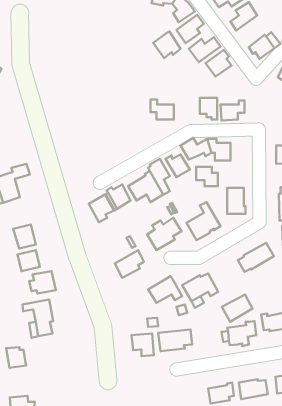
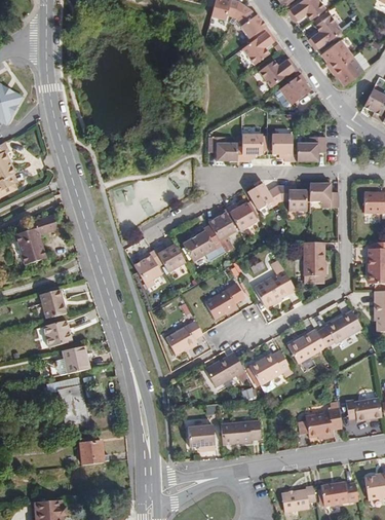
building: none -> [323,39,350,70]
building: [153,32,181,58] -> none
building: none -> [241,132,262,159]
building: [196,167,218,186] -> [310,182,337,206]
building: [222,294,253,322] -> [287,330,325,364]
building: [6,347,26,368] -> [81,439,106,465]

